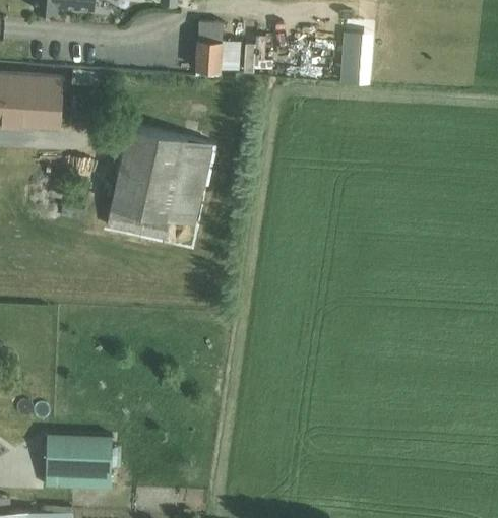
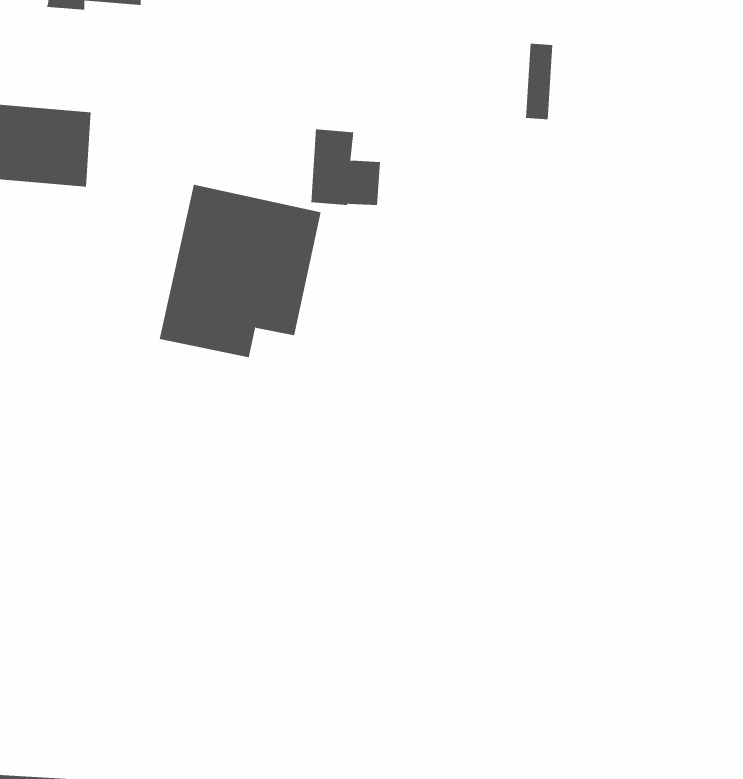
building: [195,21,241,71] -> [310,129,381,206]
building: [45,435,123,490] -> none

